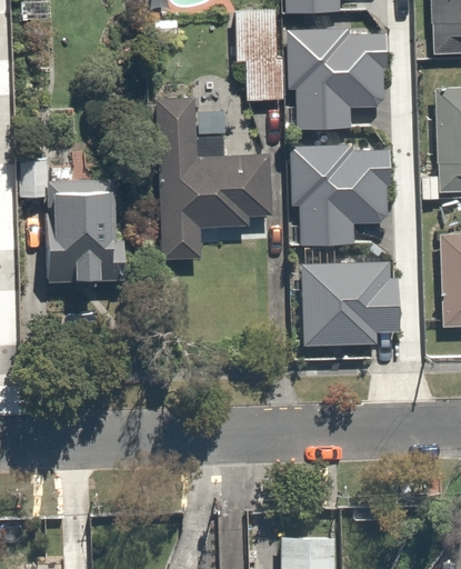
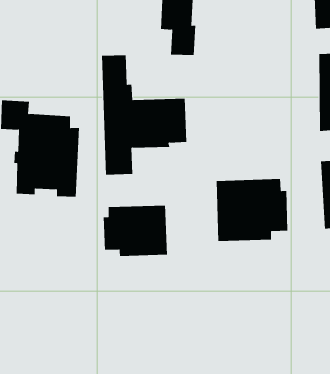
building: [288,30,387,129] -> none
building: [291,147,391,246] -> none
building: none -> [103,205,167,257]

